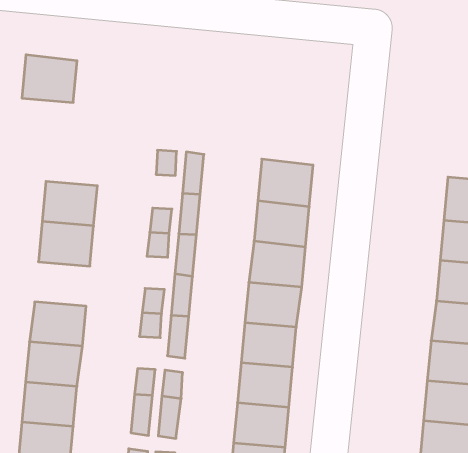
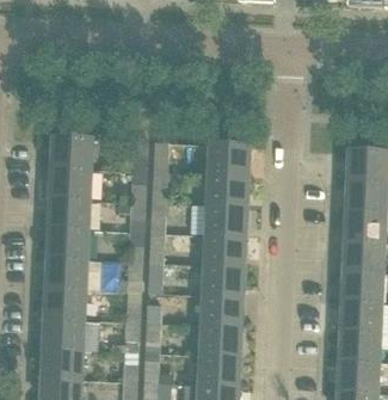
building: [22,55,77,102] -> [51,136,91,170]
building: none -> [48,228,87,259]

